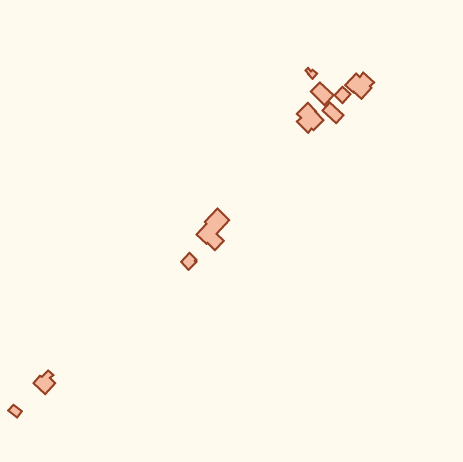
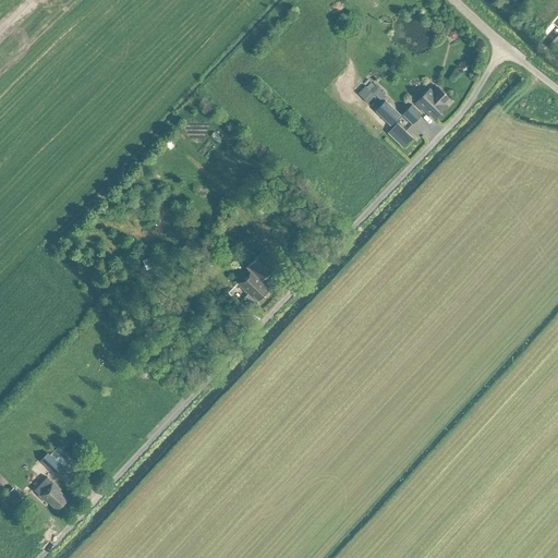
building: [297,103,324,133] -> none
building: none -> [34,477,68,511]

